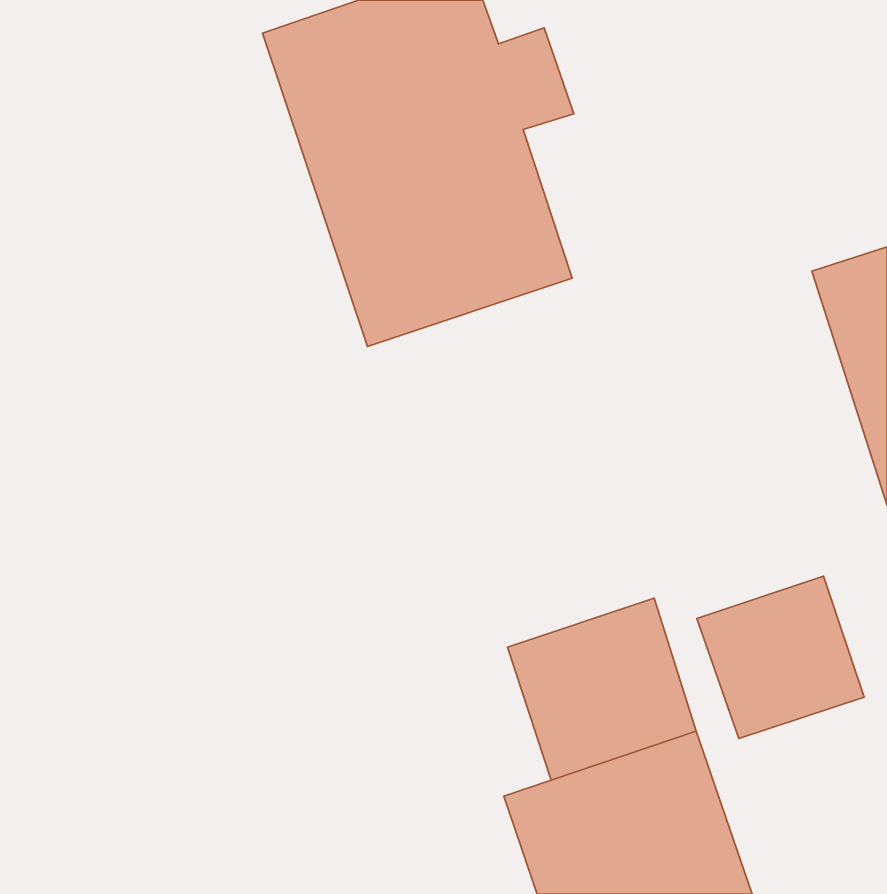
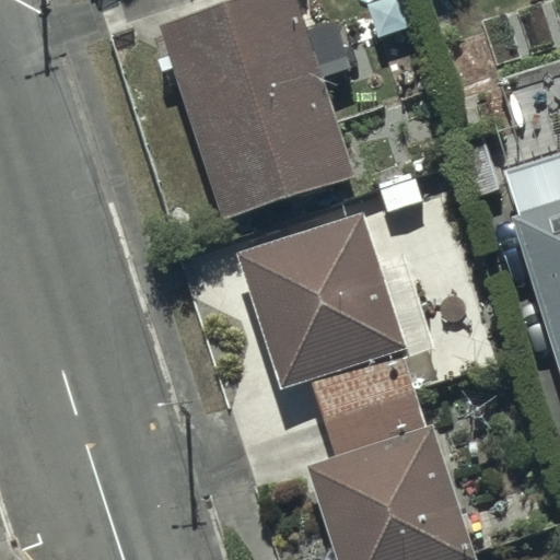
building: none -> [244,242,409,415]
building: [697,576,864,738] -> none

